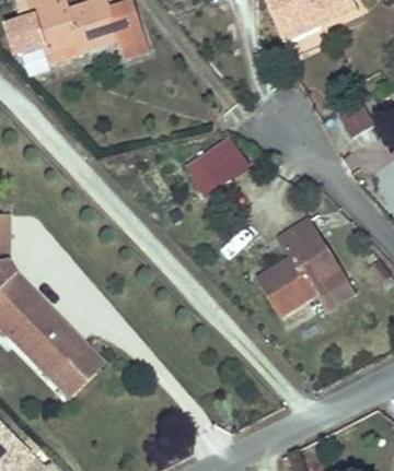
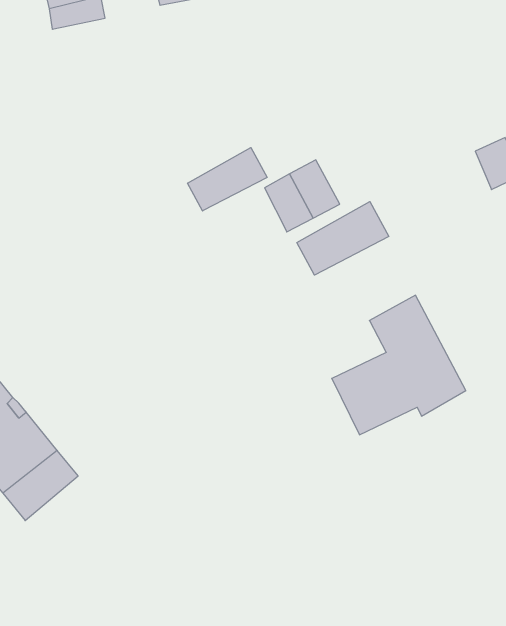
building: none -> [188,148,267,211]
building: none -> [297,202,389,275]

